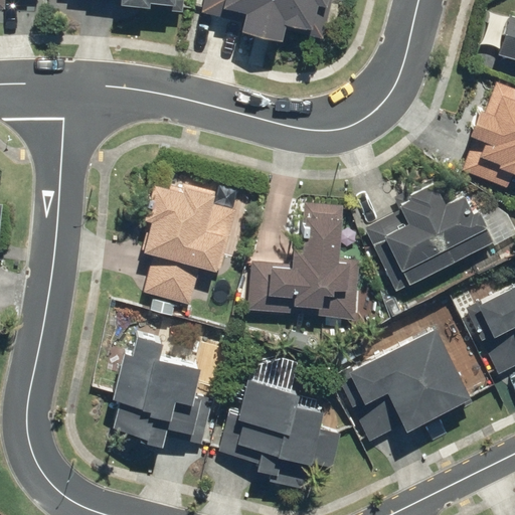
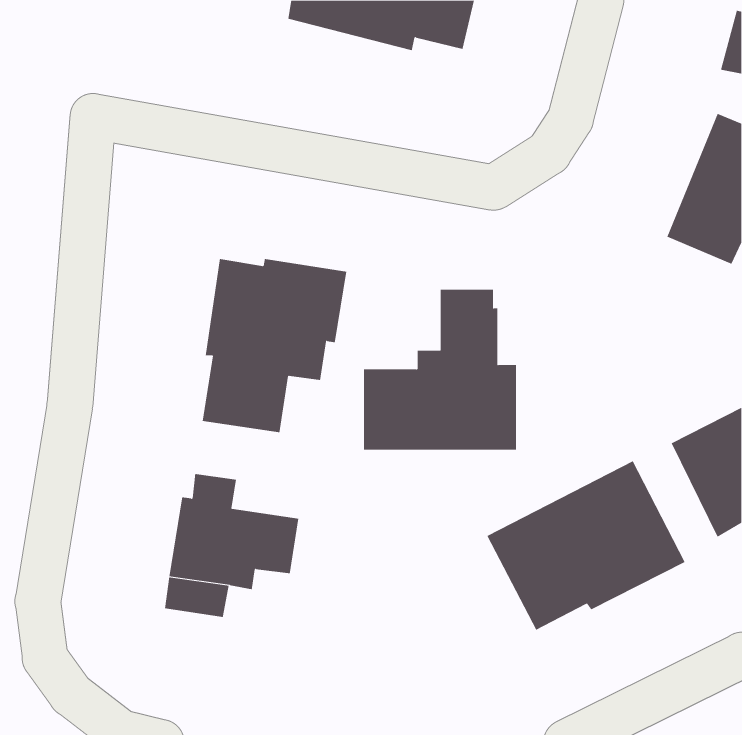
building: [364,180,499,296] -> none
building: [215,377,327,488] -> none

